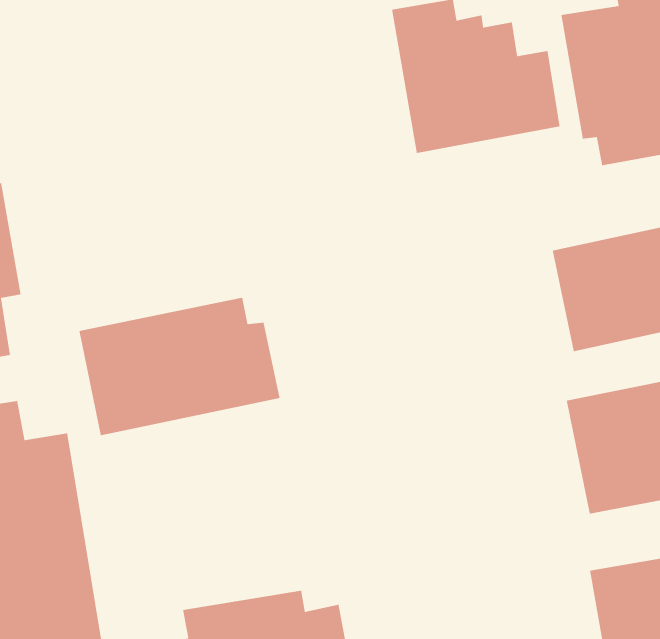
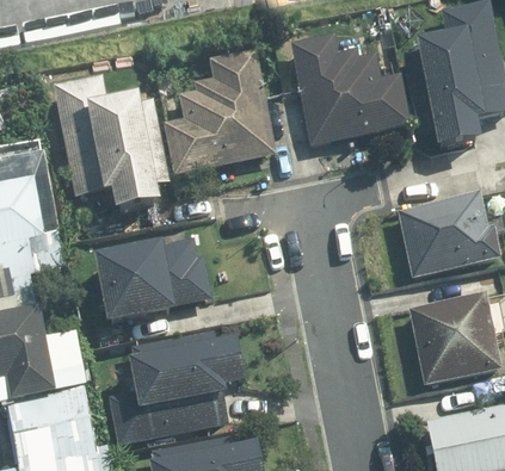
building: none -> [166,49,277,173]
building: none -> [53,78,159,215]
building: none -> [111,329,252,441]

